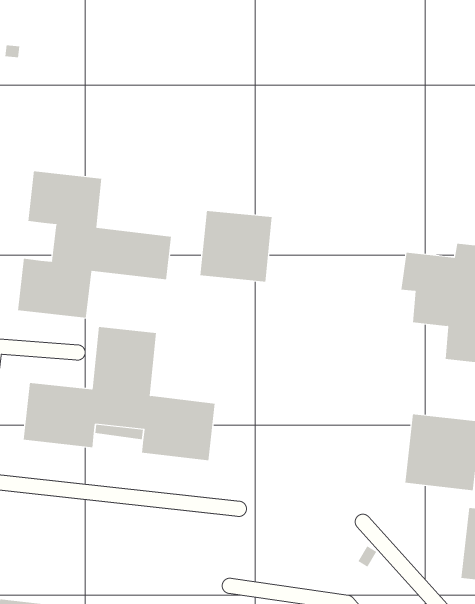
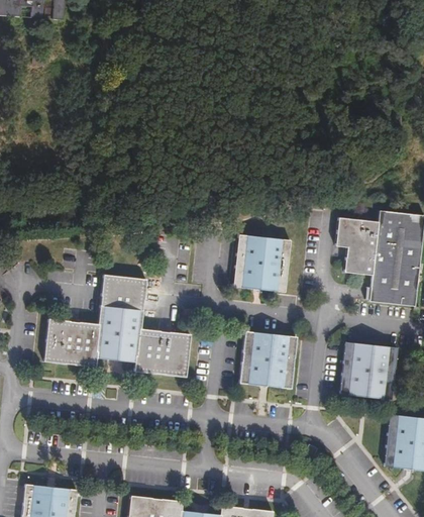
building: [18,171,172,318] -> none
building: [200,210,273,282] -> [234,234,291,290]
building: none -> [239,330,298,389]

